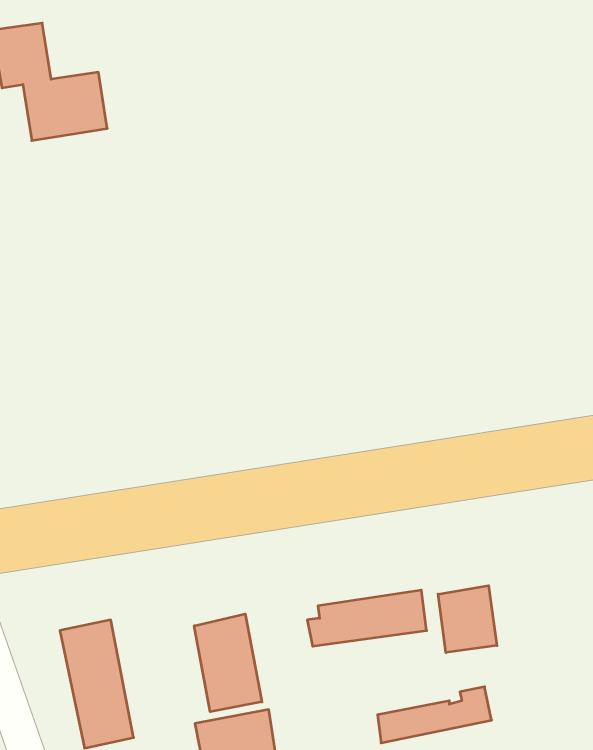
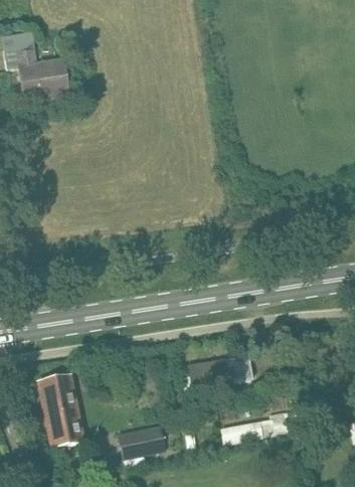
building: [438,586,497,653] -> none
building: [194,614,262,712] -> none

